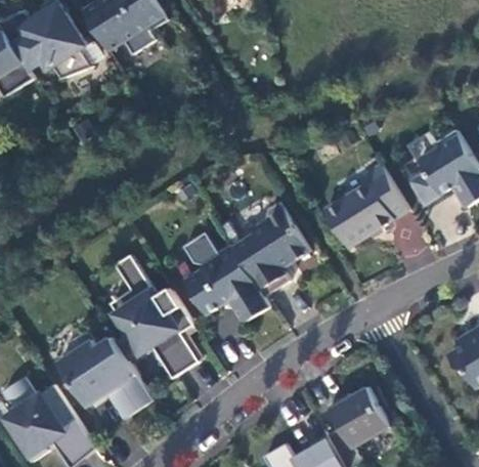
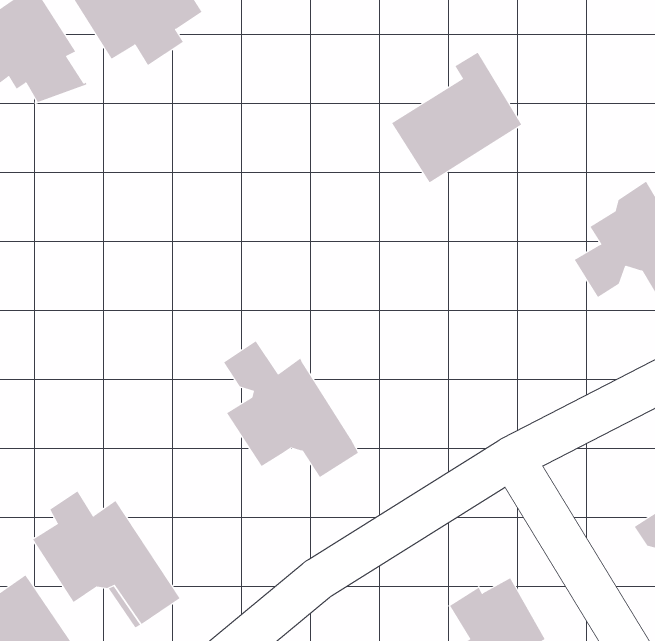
building: [323,163,408,248] -> [391,52,522,183]
building: [232,201,309,296] -> none
building: [110,255,199,379] -> none

